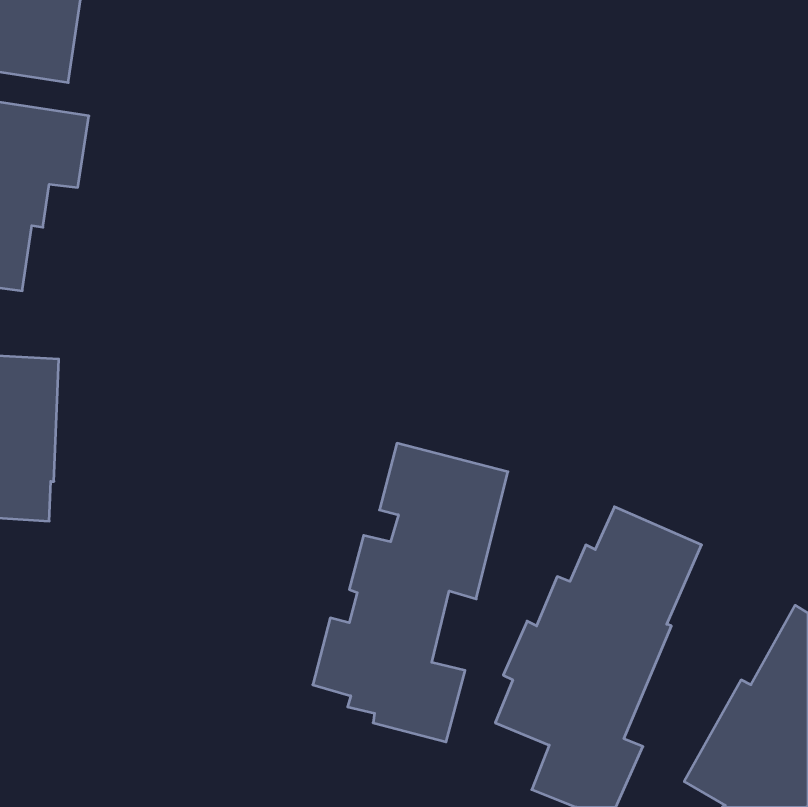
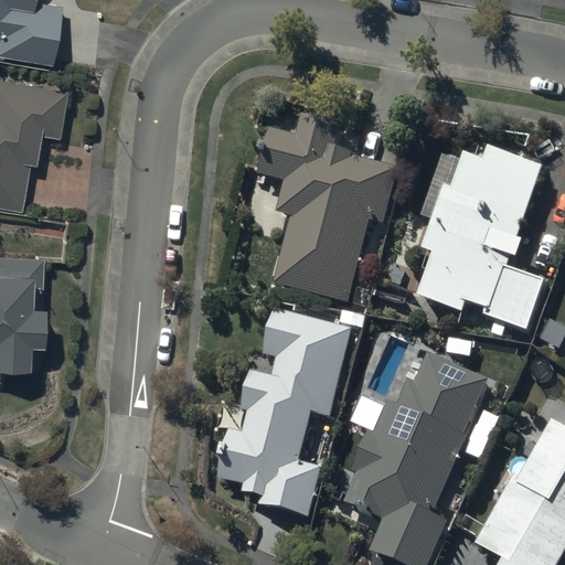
building: none -> [258,115,398,303]
building: none -> [417,147,543,335]

